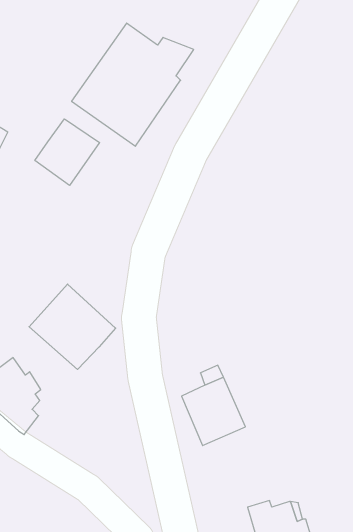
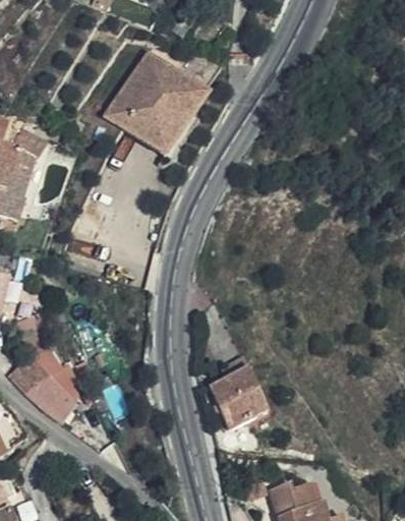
building: [35,119,100,185] -> none
building: [29,284,116,369] -> none

